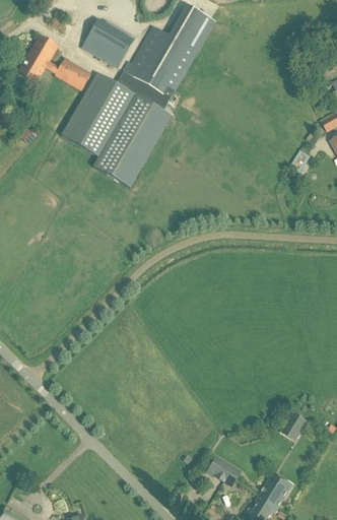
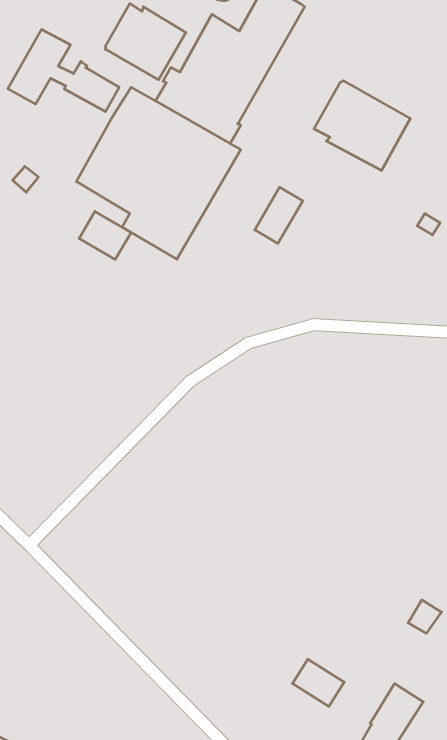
building: none -> [314,81,410,171]
building: none -> [255,187,303,243]
building: none -> [79,211,131,259]

